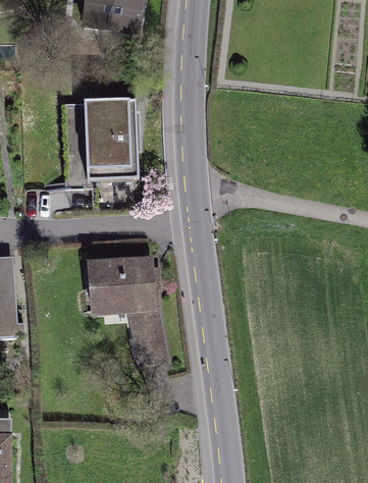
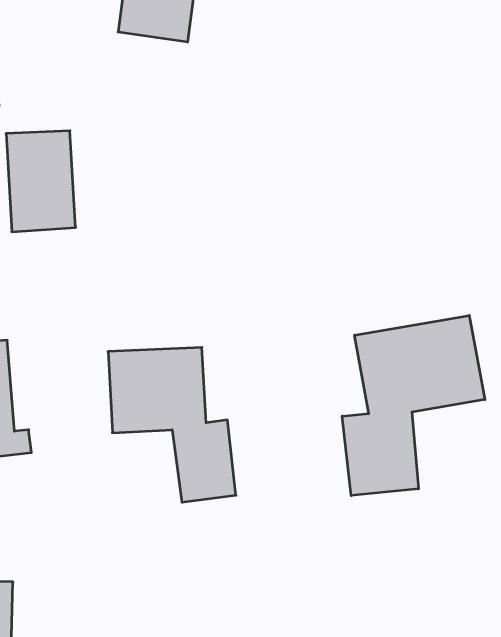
building: [87,101,137,173] -> [6,131,76,232]
building: none -> [342,315,485,496]

